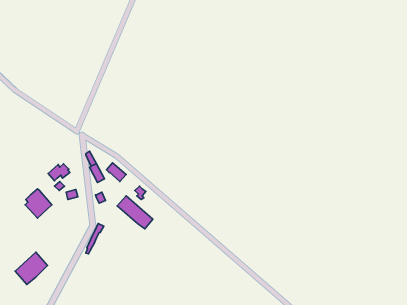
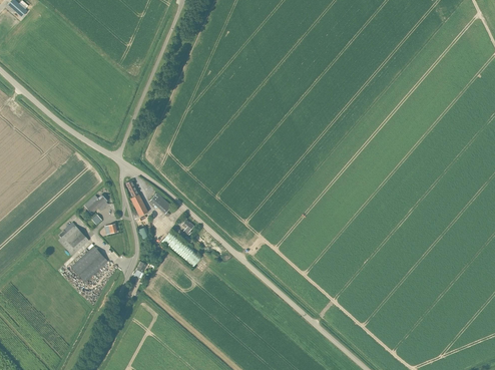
building: [15,252,47,284] -> [72,246,108,282]

